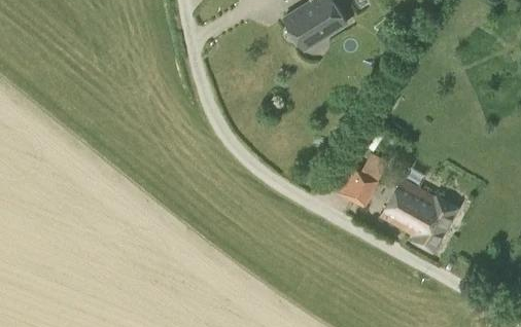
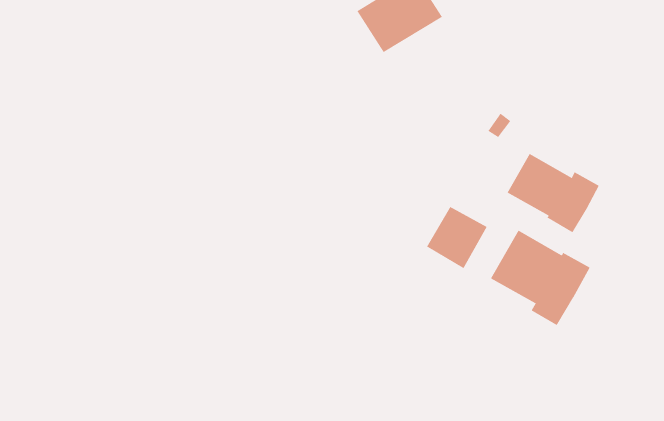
building: none -> [507,153,600,233]

